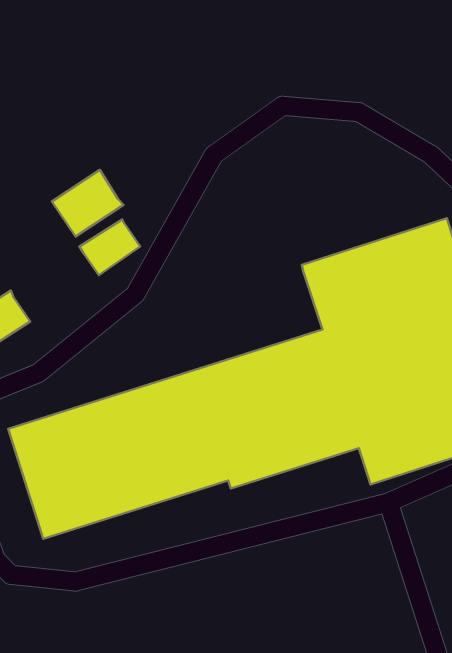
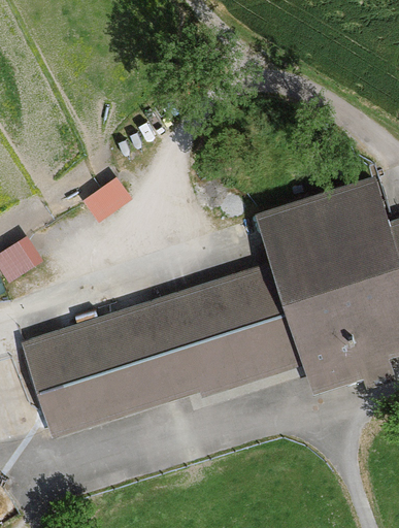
building: [52,170,124,237] -> none

